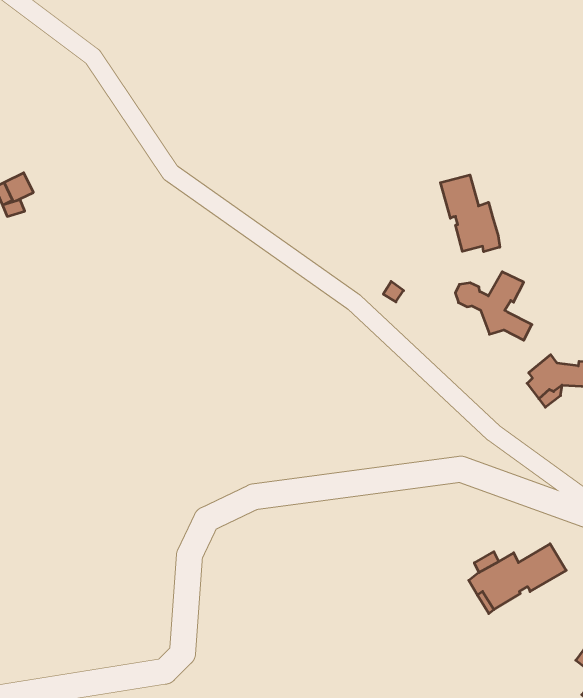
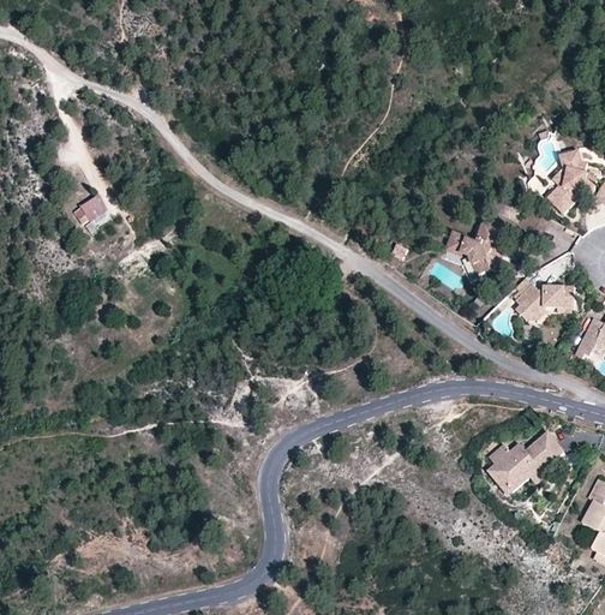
building: [440,175,500,252] -> none

